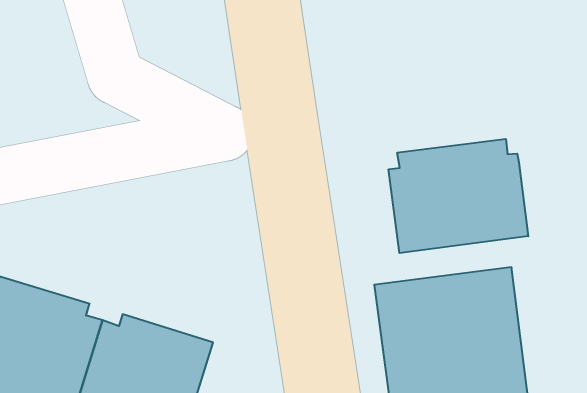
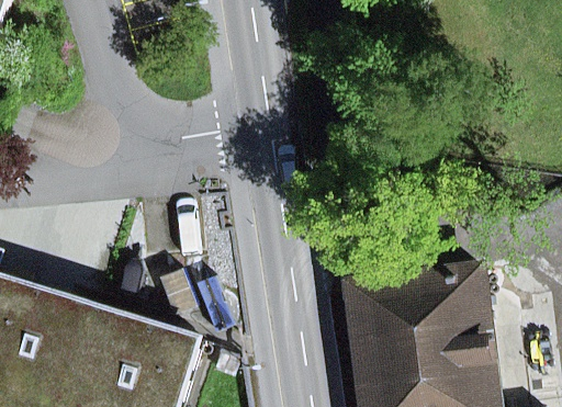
building: [389,139,528,253] -> none

